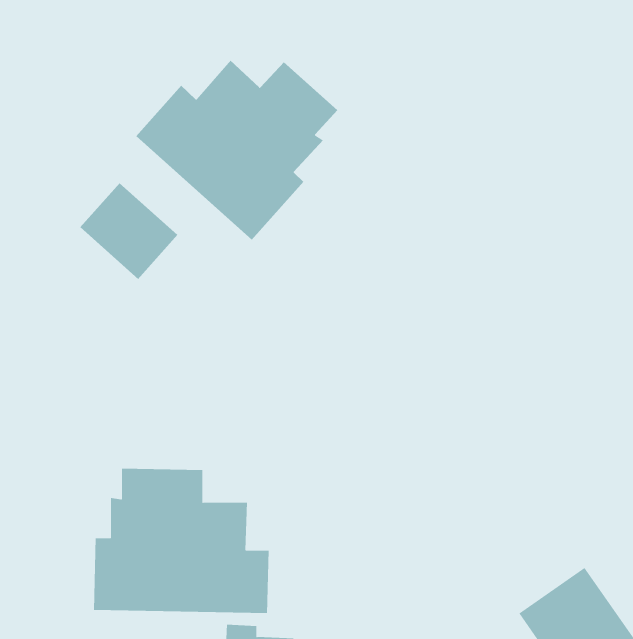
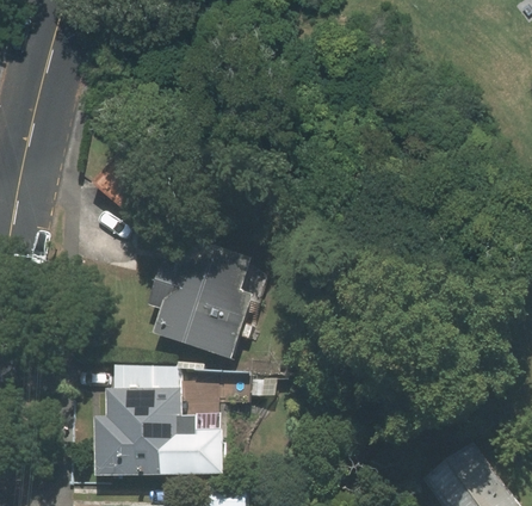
building: [136,60,338,241] -> none
building: none -> [149,241,258,359]

